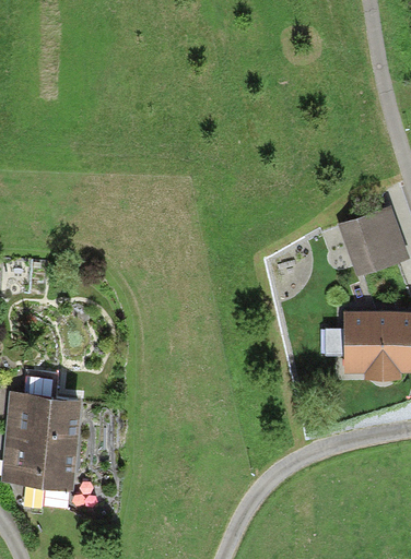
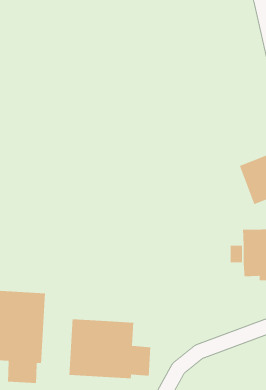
building: none -> [69,318,151,379]

